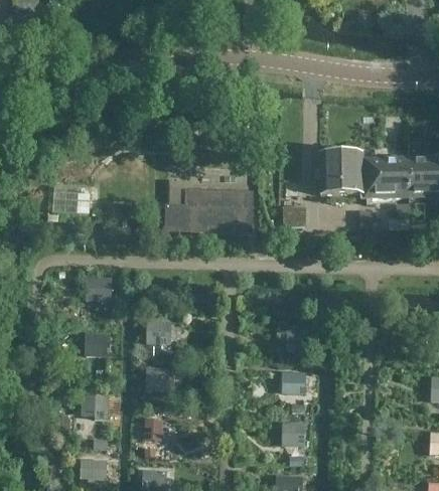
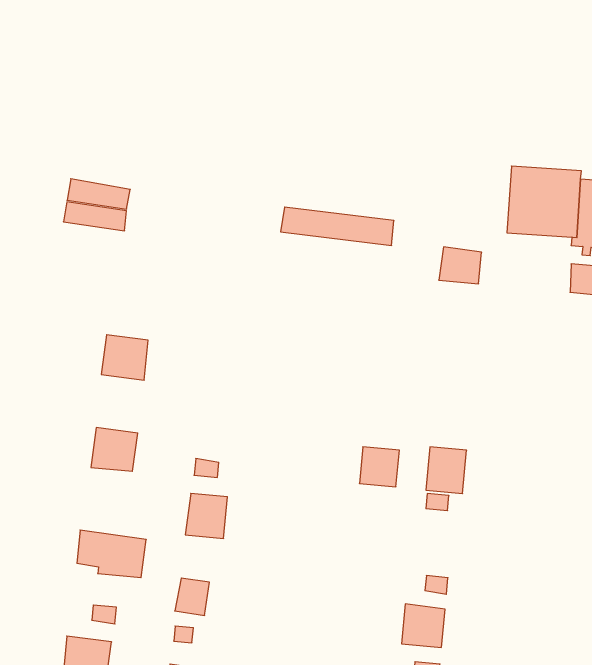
building: [165,204,253,232] -> none
building: [147,320,171,343] -> none
building: [283,371,305,393] -> [359,447,399,487]

